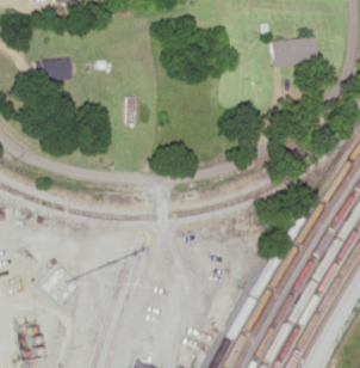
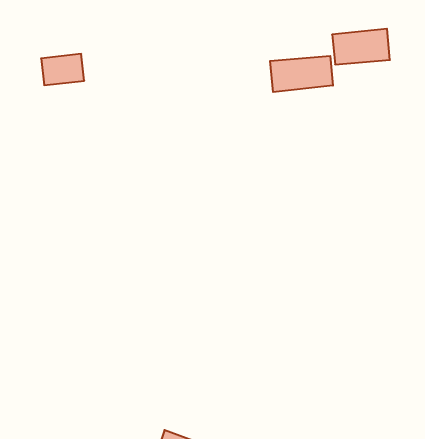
building: none -> [270,56,333,92]

